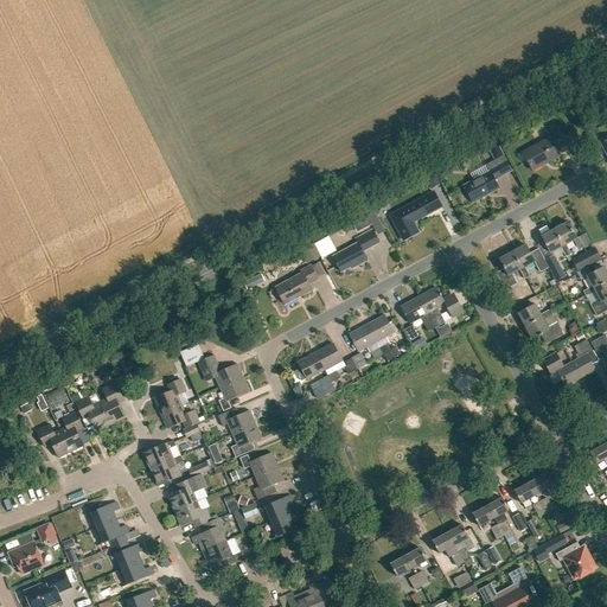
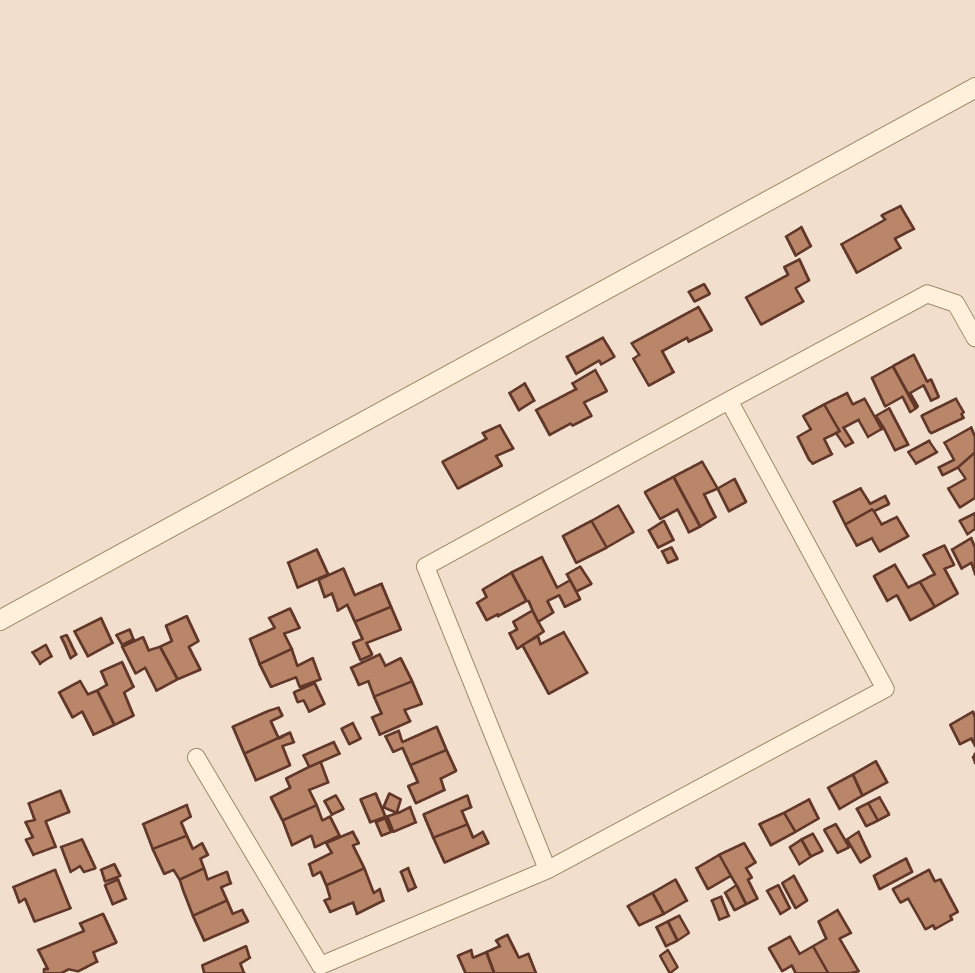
building: none -> [523,632,587,694]
building: none -> [26,791,69,855]

